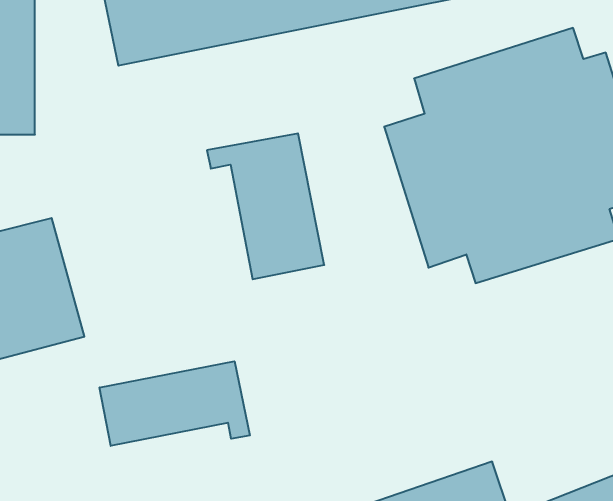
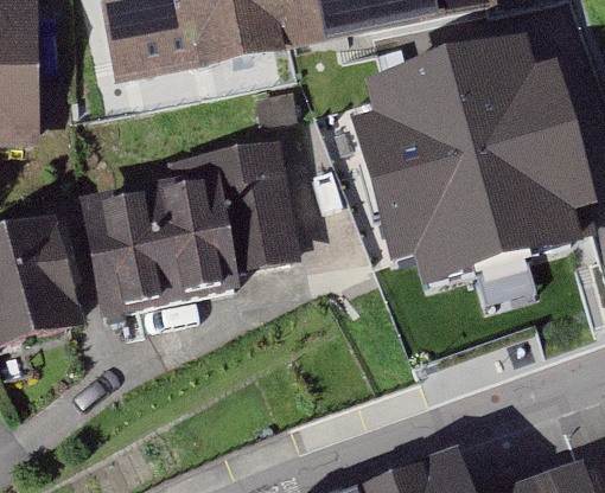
building: none -> [79,171,241,319]
building: [100,361,250,446] -> none

